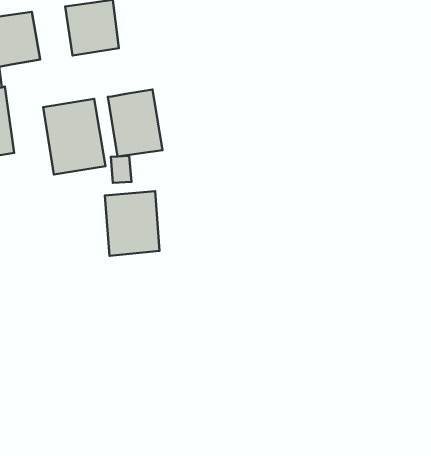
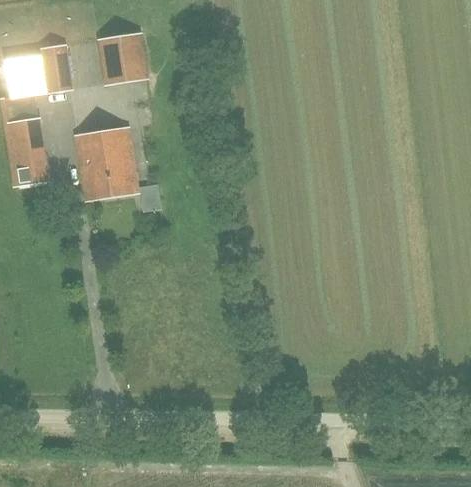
building: [108,90,162,157] -> none
building: [105,191,160,256] -> none

